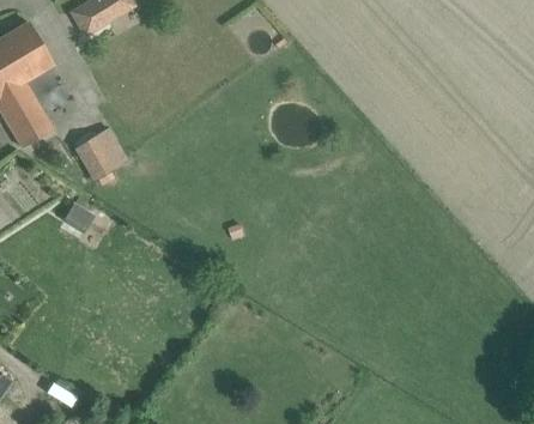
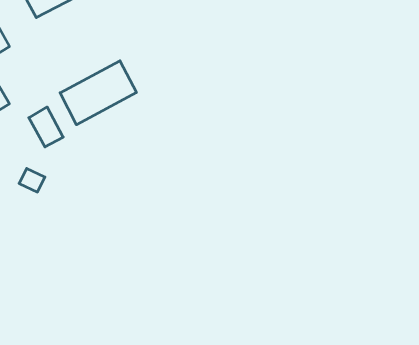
building: none -> [60,61,136,125]

